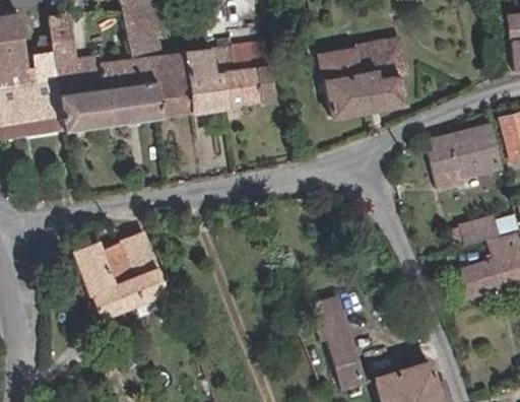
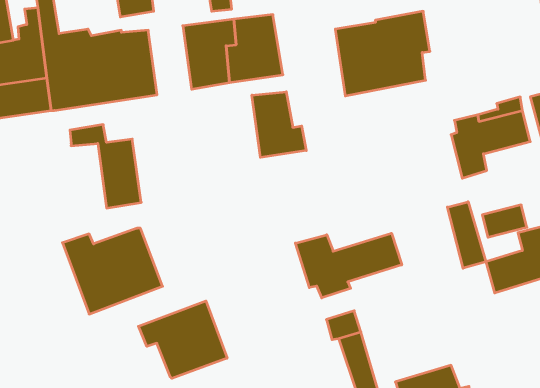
building: [126,40,191,116] -> [70,125,141,208]
building: none -> [252,92,306,157]
building: none -> [447,202,486,268]
building: none -> [295,233,402,298]
building: none -> [138,301,227,378]

